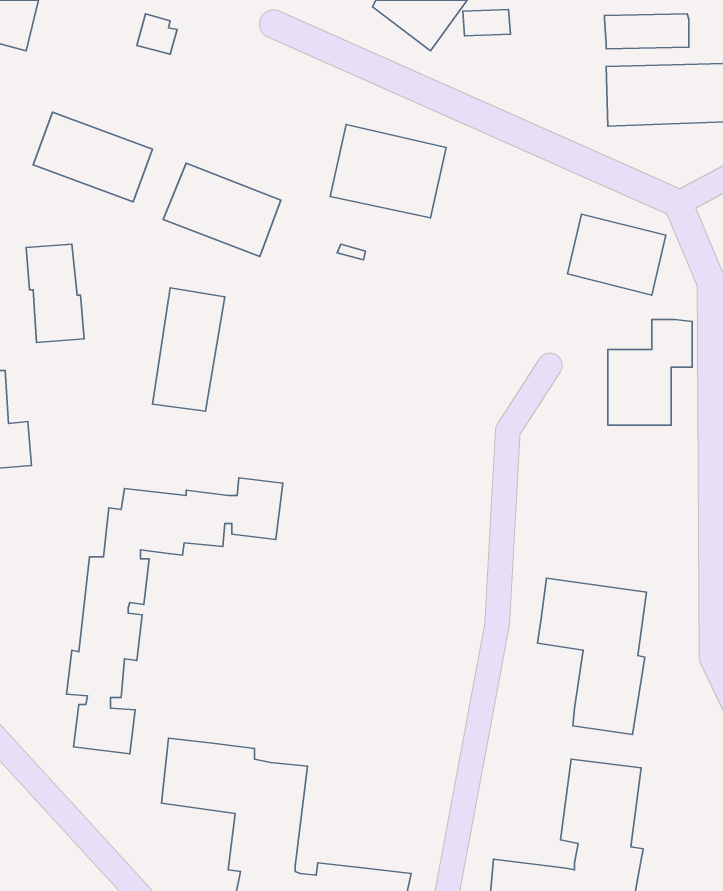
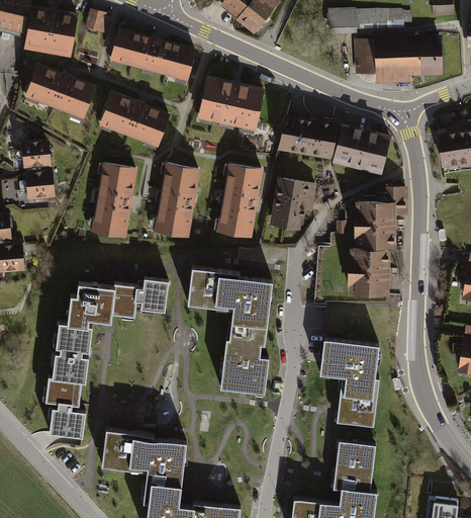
building: [463,10,510,36] -> [328,14,356,29]
building: none -> [26,9,79,61]
building: none -> [111,32,196,82]
building: none -> [280,117,338,158]
building: none -> [215,161,263,237]
building: none -> [159,169,199,240]
building: none -> [271,176,317,227]
building: none -> [352,251,387,296]
building: none -> [186,268,272,394]

